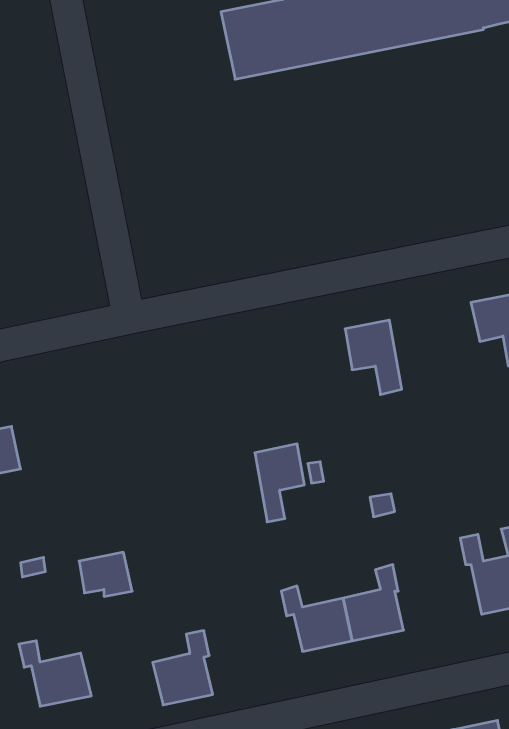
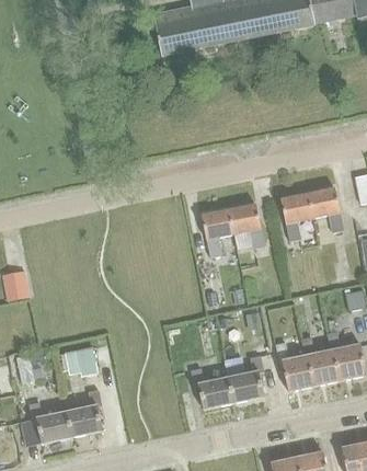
building: none -> [280,193,312,242]
building: [255,444,304,522] -> [202,209,232,257]
building: none -> [274,342,313,390]
building: [153,631,213,705] -> [66,390,103,436]

